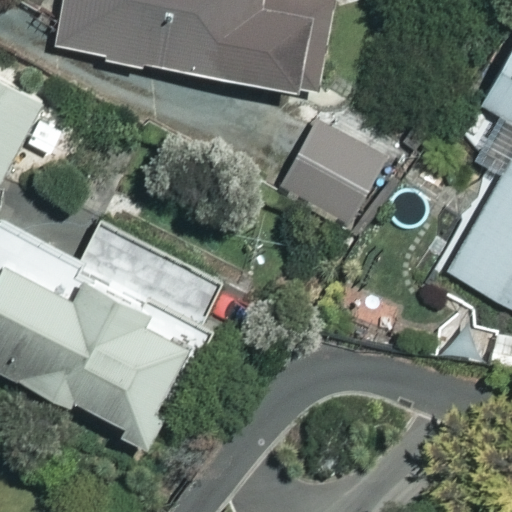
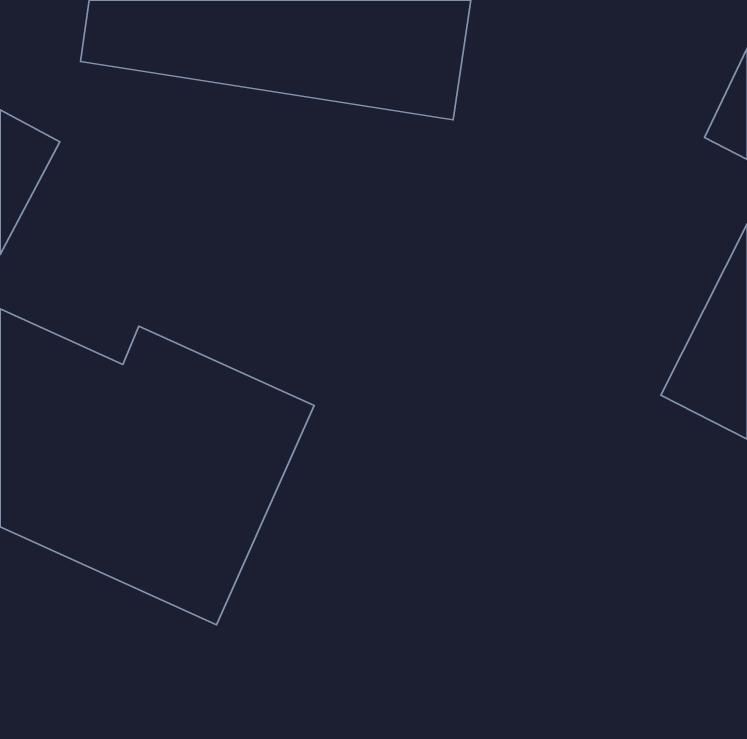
building: [277,121,381,228] -> none

